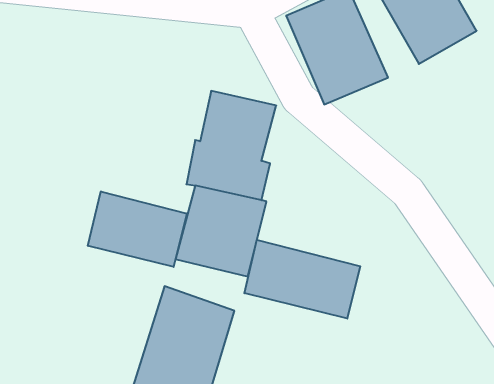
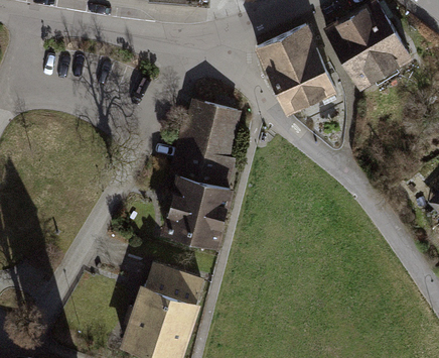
building: [88,191,187,267] -> none
building: [244,240,360,319] -> none

